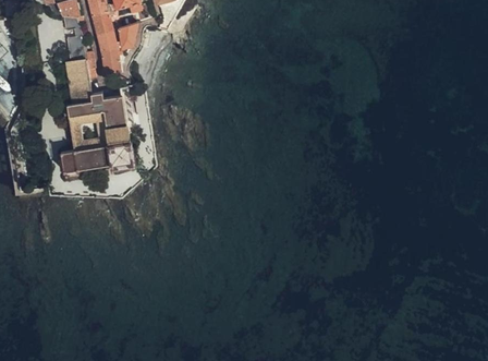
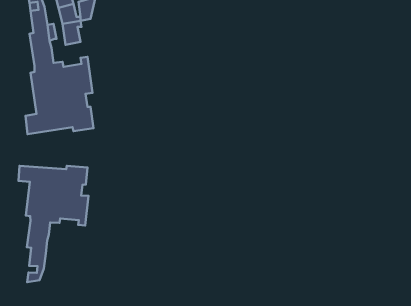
building: none -> [19,166,88,282]

